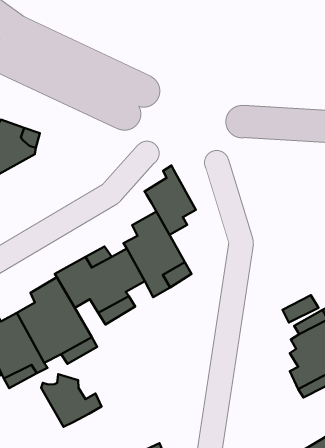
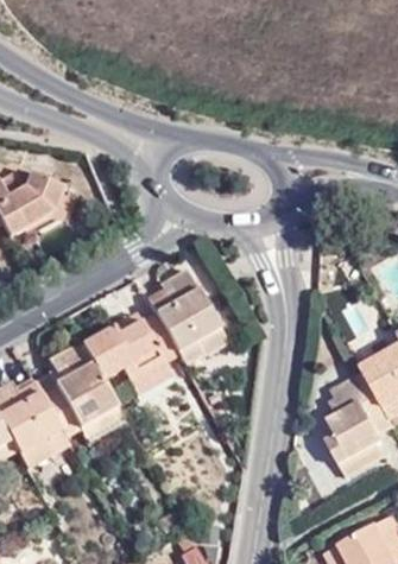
building: [145,166,196,235] -> none
building: [41,374,102,427] -> none

